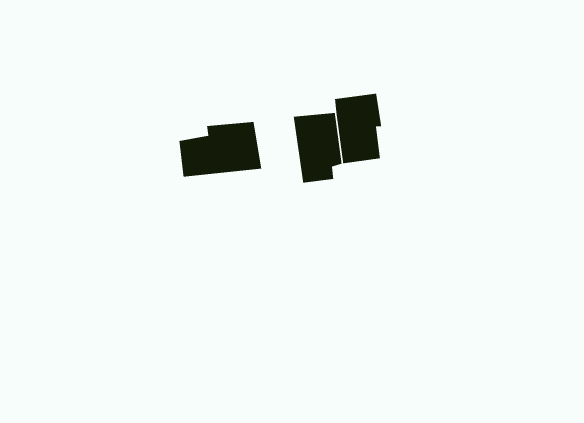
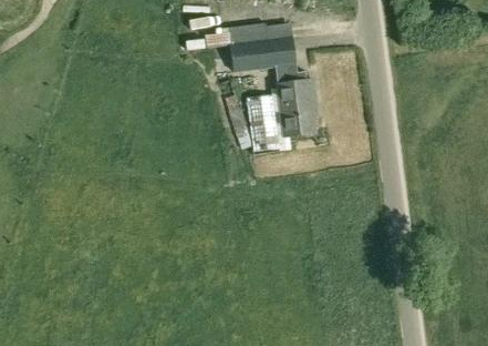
building: [179,121,262,178] -> [229,26,297,71]

